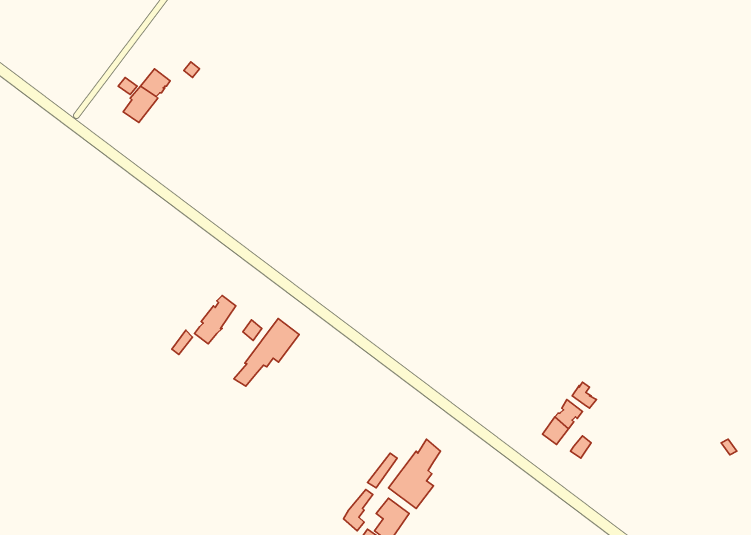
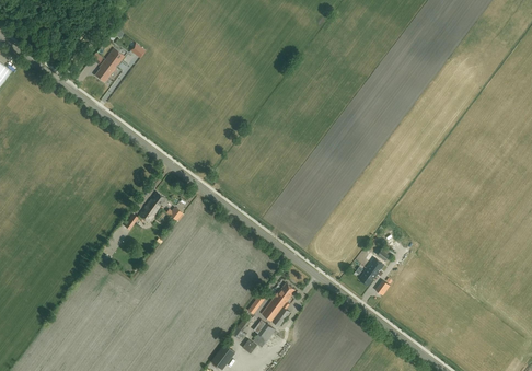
building: [234,319,299,386] -> none

